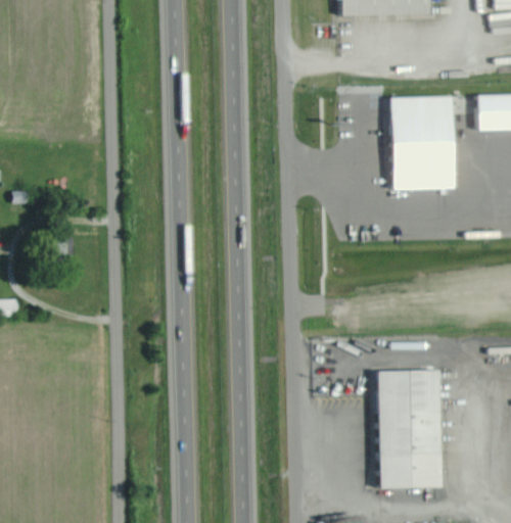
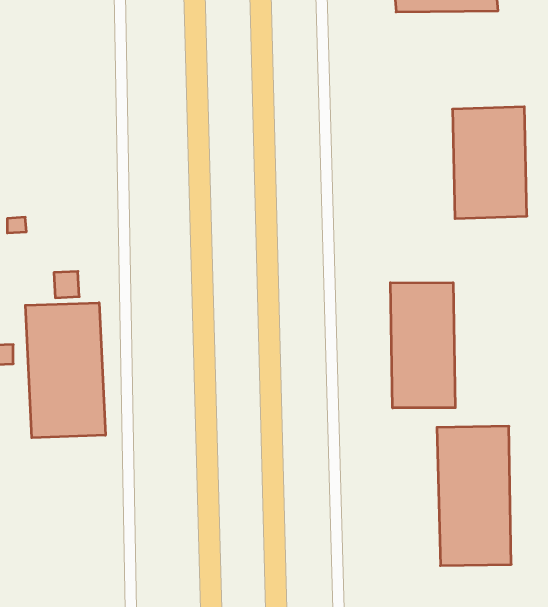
building: none -> [390,283,455,408]
building: none -> [25,303,105,438]

